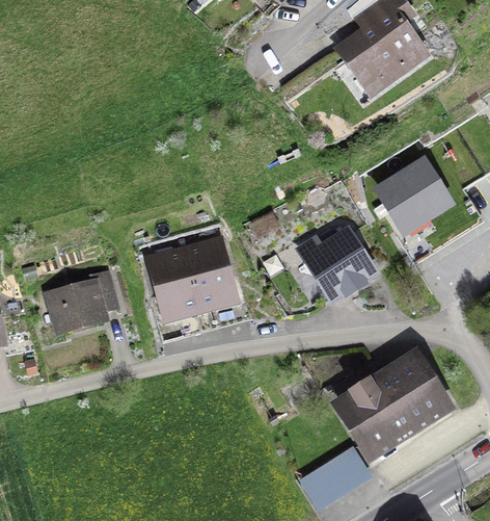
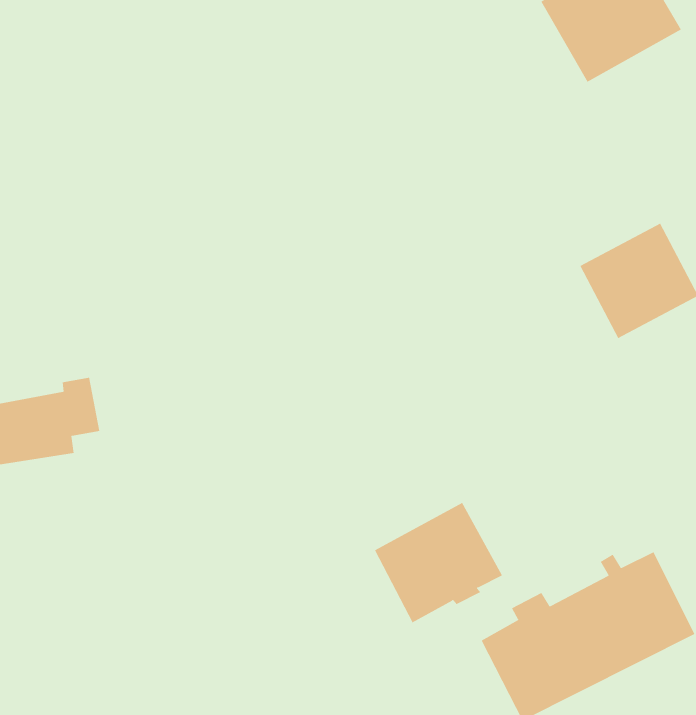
building: [296,233,370,304] -> [374,502,503,623]
building: [148,241,230,315] -> none

